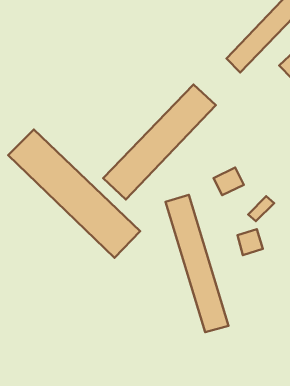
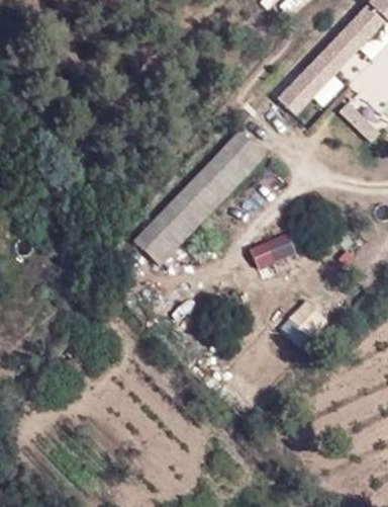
building: [8,130,140,258] -> none
building: [165,195,228,332] -> none

